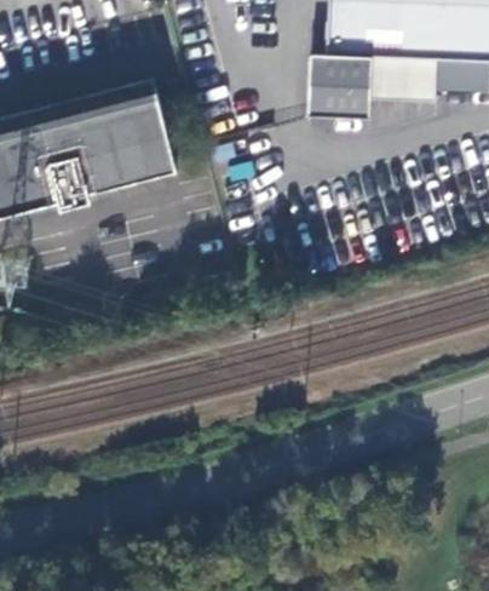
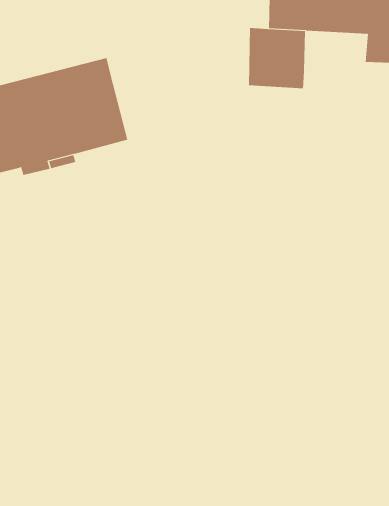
building: [367,51,435,98] -> none

